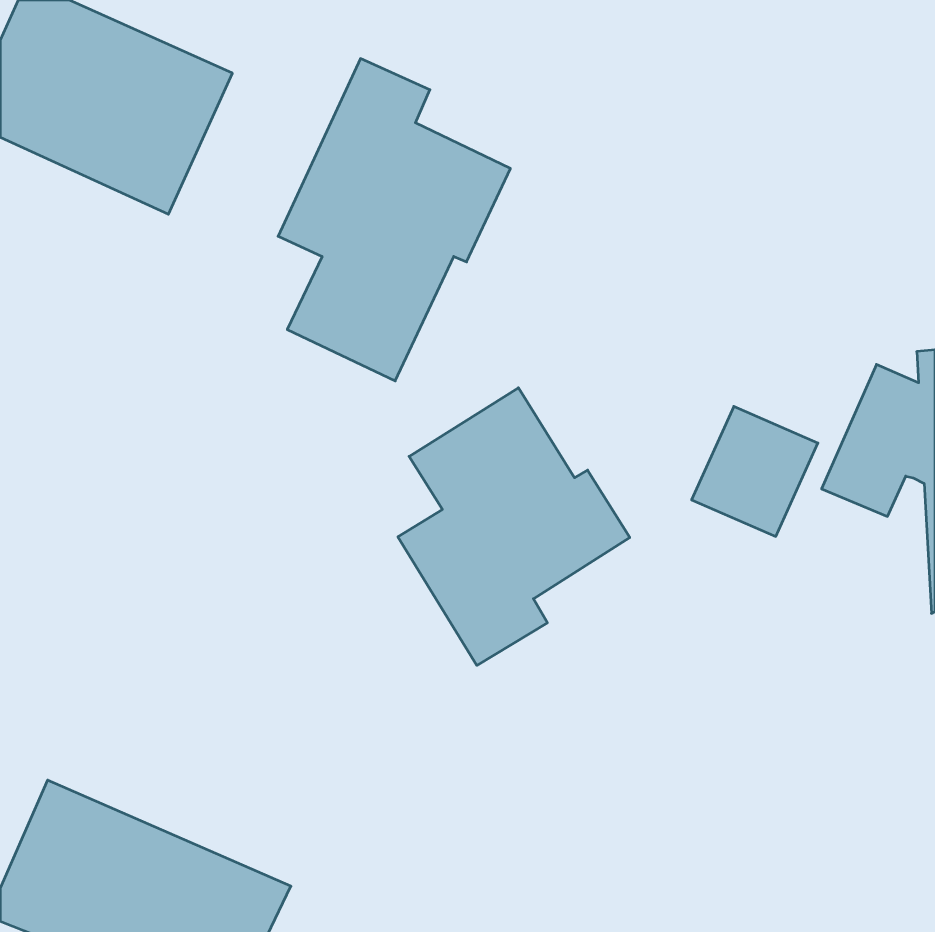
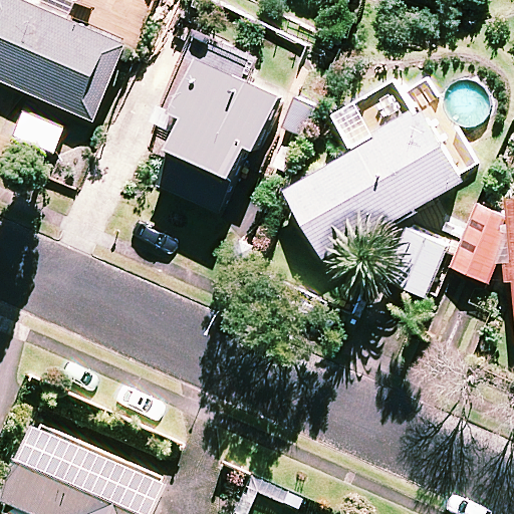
building: none -> [285,80,462,259]
building: [398,388,630,665] -> none

